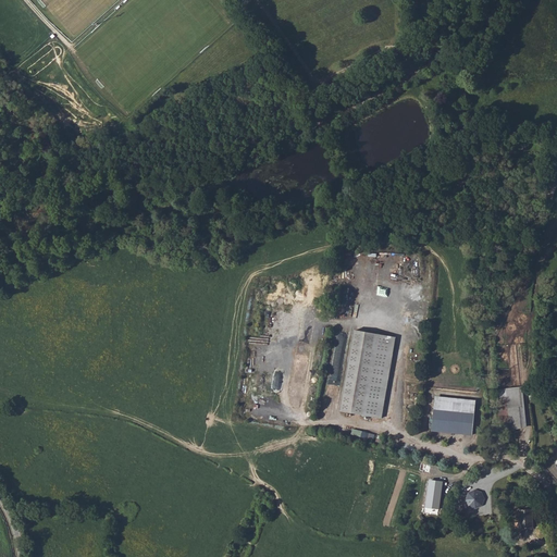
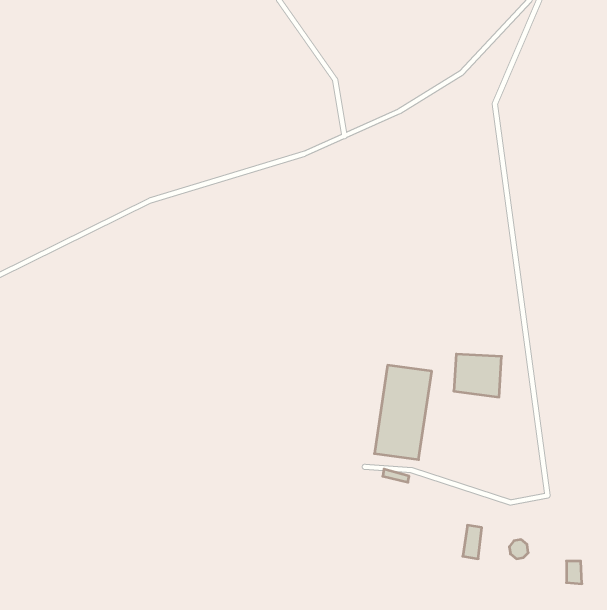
building: [503,386,525,429] -> none
building: [431,396,474,435] -> [454,354,502,397]

